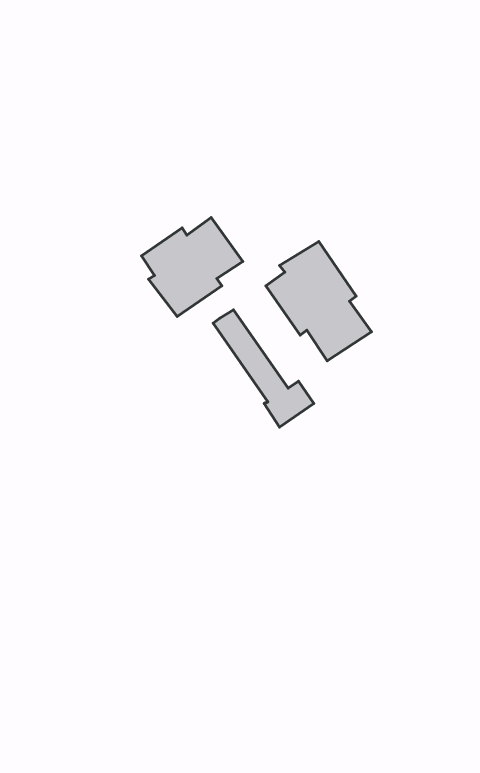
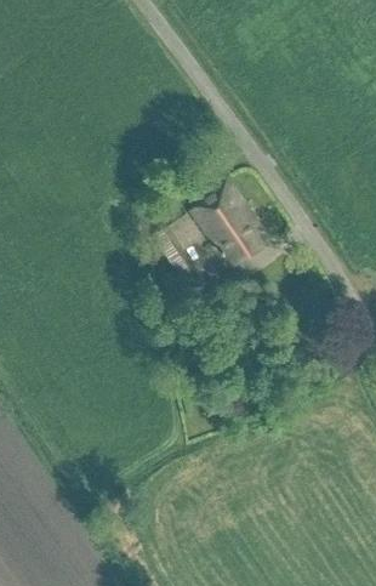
building: [141,217,243,317] -> none

